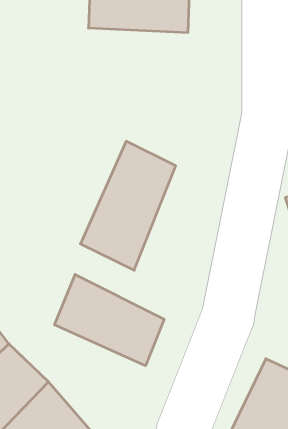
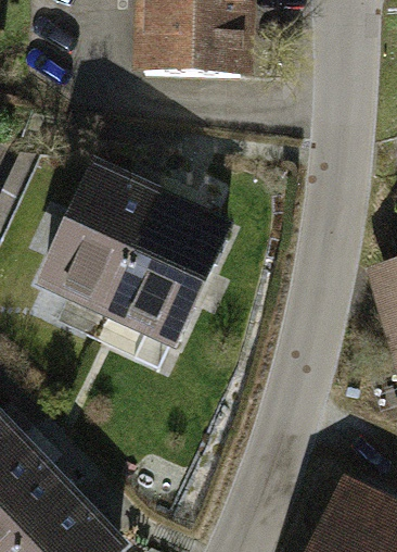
building: none -> [53,167,172,323]
building: [55,274,164,366] -> none

